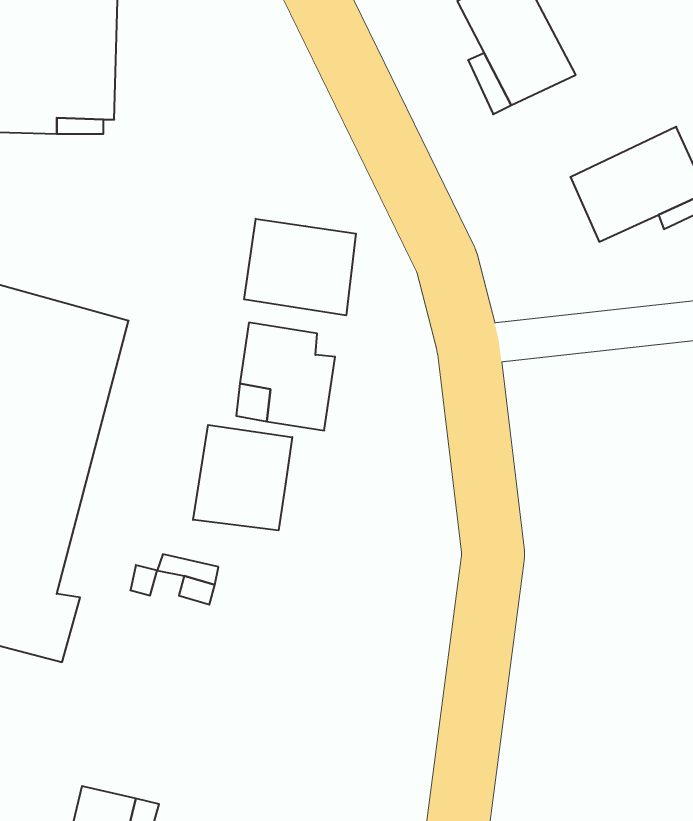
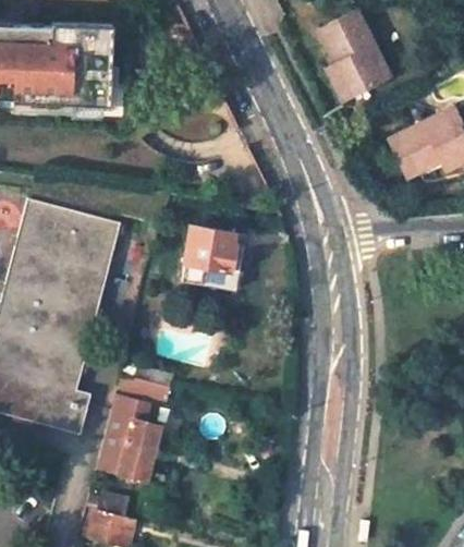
building: [244,219,356,315] -> none
building: [193,425,292,530] -> none
building: none -> [99,396,162,479]

